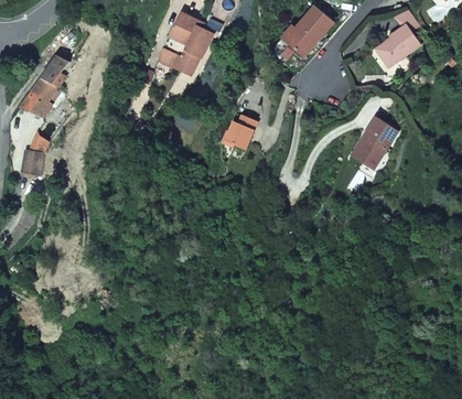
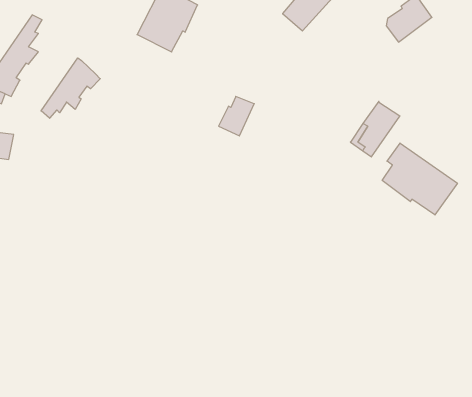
building: none -> [41,58,100,118]
building: none -> [382,143,457,215]

